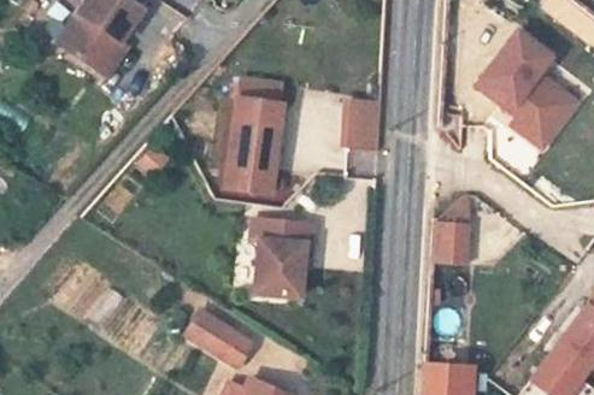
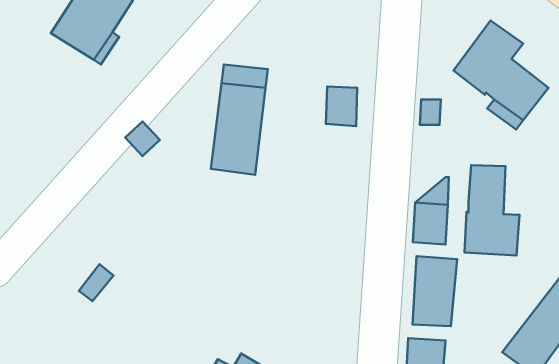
building: none -> [465,165,519,256]
building: [252,219,314,297] -> none
building: none -> [413,256,457,326]
building: [192,316,251,367] -> none

